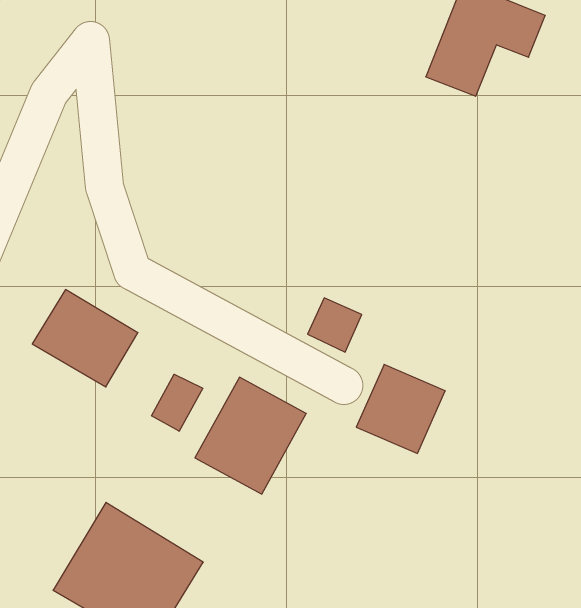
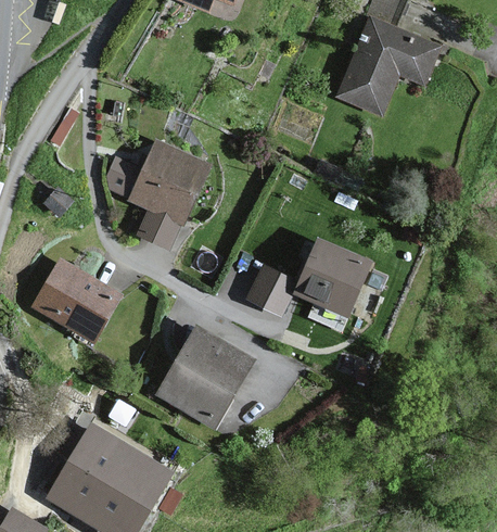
building: none -> [104,143,204,244]
building: [356,364,445,453] -> [296,242,366,312]
building: [152,374,203,431] -> none

